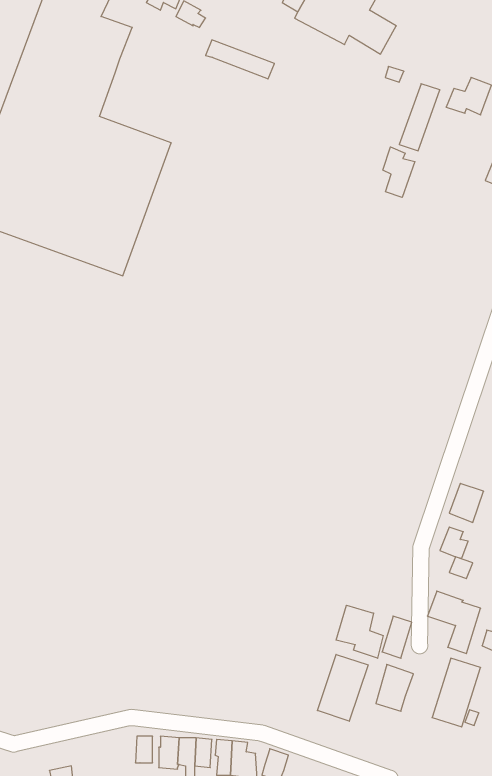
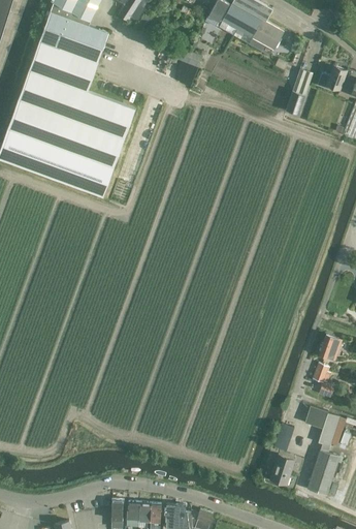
building: [383,147,415,197] -> none
building: [336,605,383,658] -> none
building: [317,654,368,721] -> none

